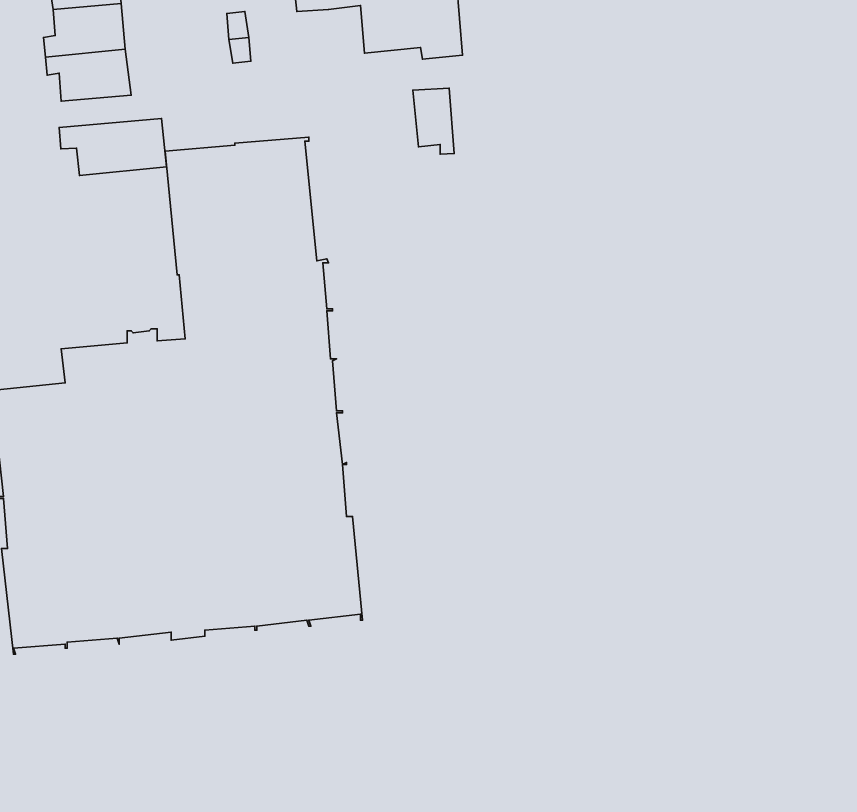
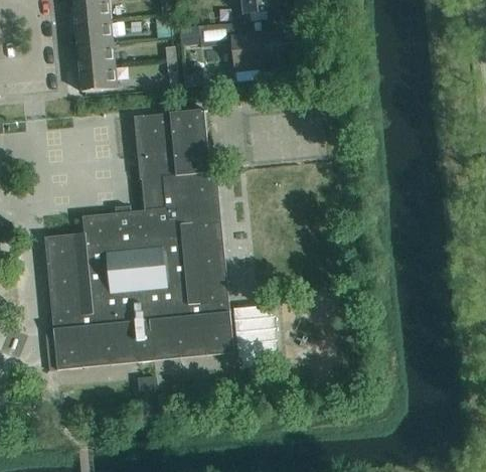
building: [413,88,454,154] -> none
building: [59,118,167,176] -> none

